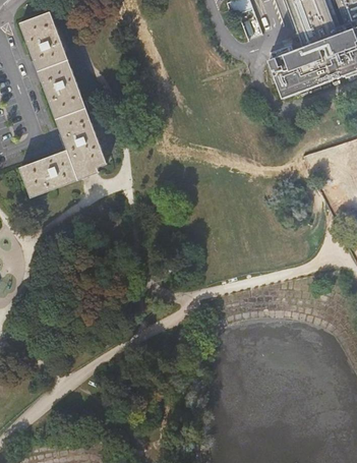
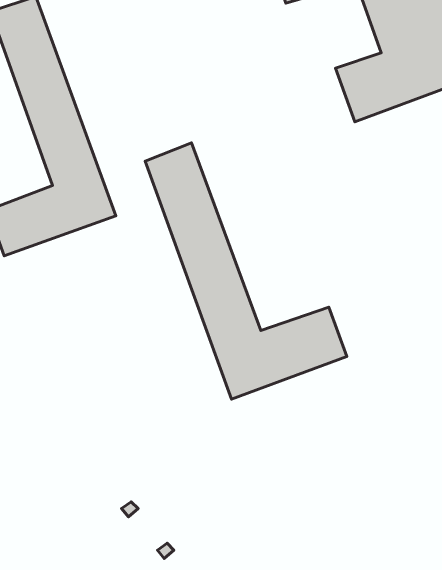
building: none -> [145,143,347,399]

